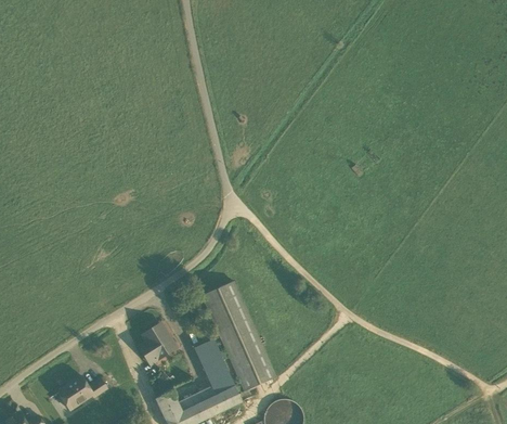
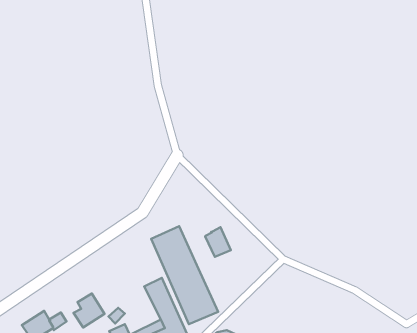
building: none -> [205,227,231,257]
building: [140,324,174,362] -> [73,293,105,327]

